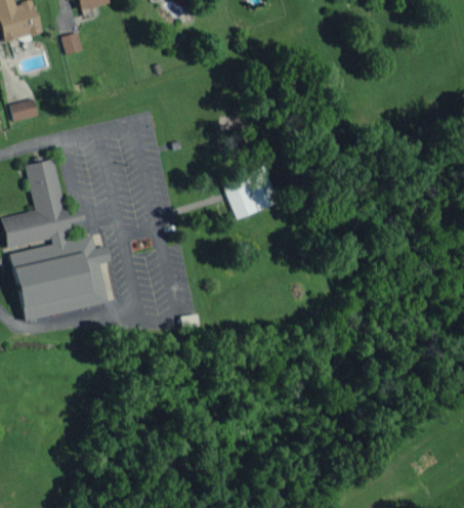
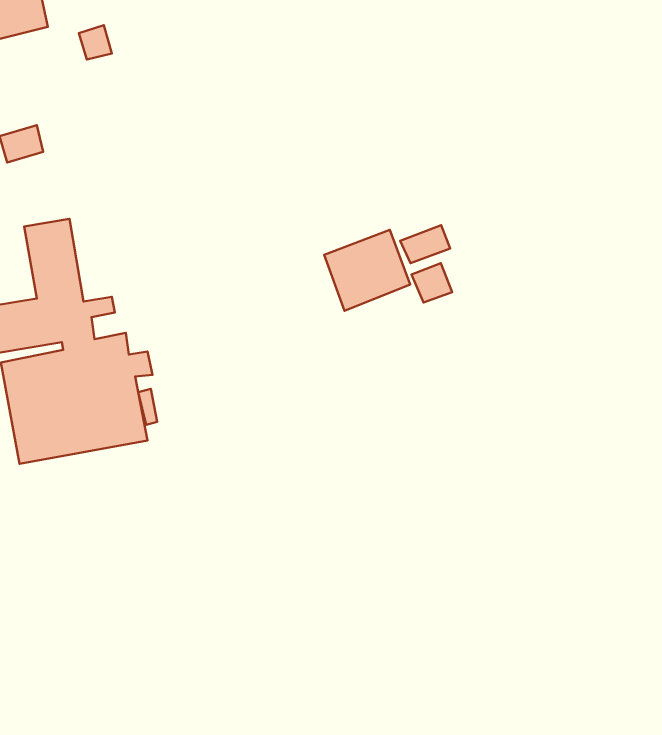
building: none -> [400,225,450,263]
building: none -> [412,263,452,303]

